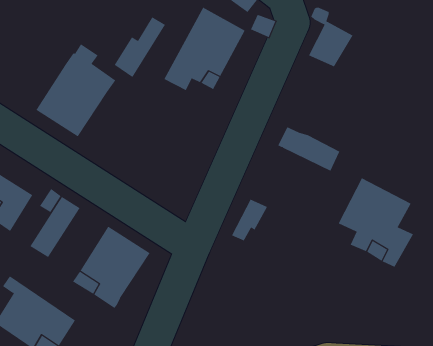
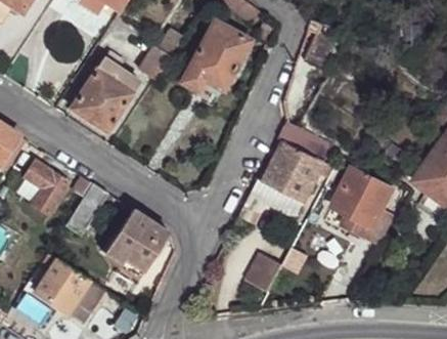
building: none -> [262,140,336,202]
building: none -> [244,253,282,292]

